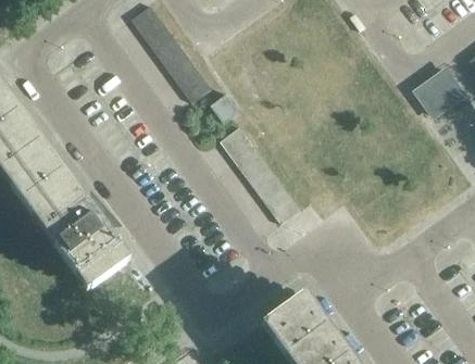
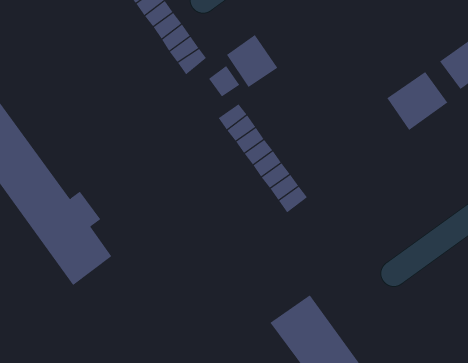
building: none -> [226,34,278,88]
building: none -> [386,71,448,131]

